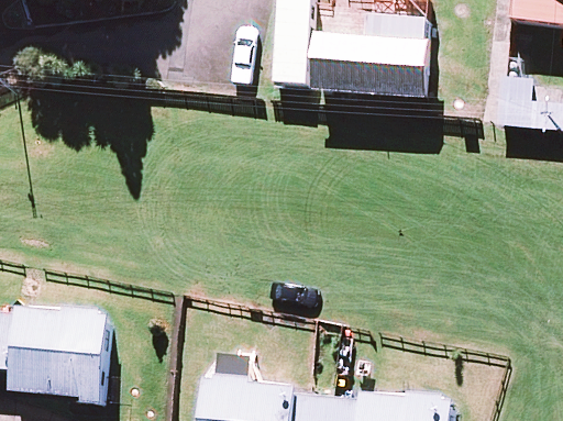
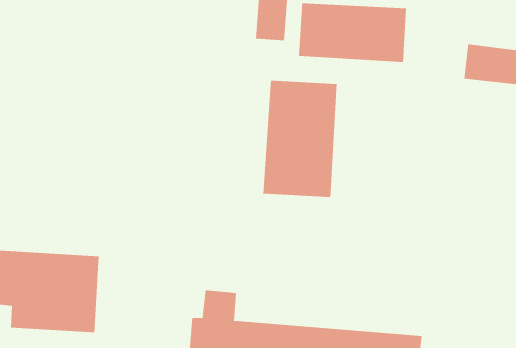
building: none -> [263,80,337,198]

